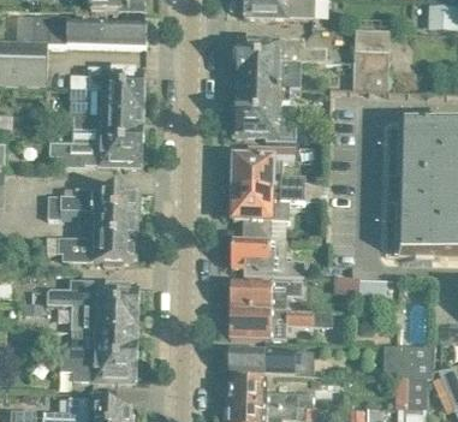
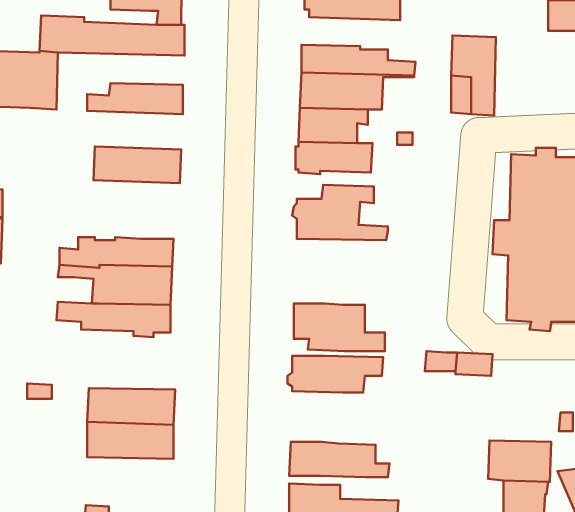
building: [69,89,144,119] -> none
building: [48,143,147,168] -> none
building: [228,183,317,240] -> none
building: [46,279,138,307] -> none
building: [225,308,313,339] -> none
building: [59,359,141,382] -> none

